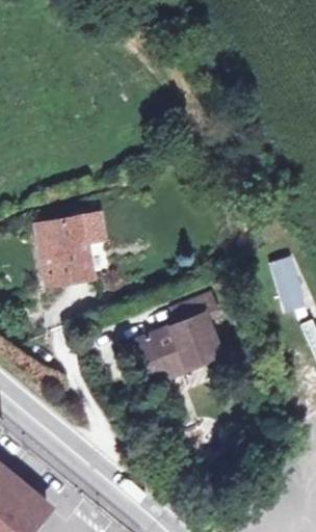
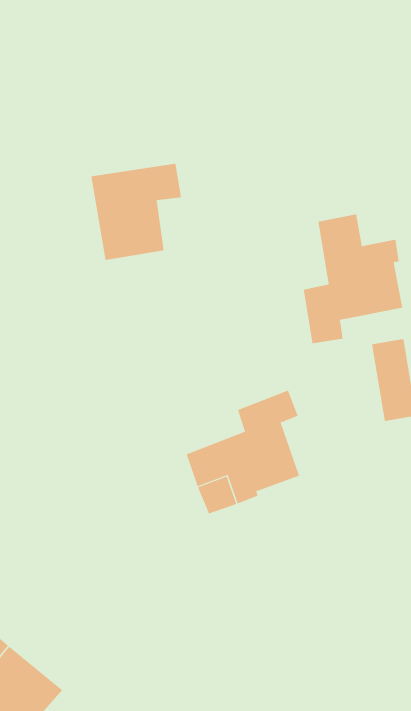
building: none -> [303,213,403,344]
building: [37,213,104,284] -> [90,163,182,260]

